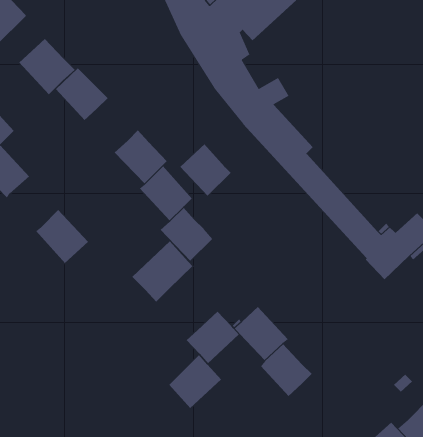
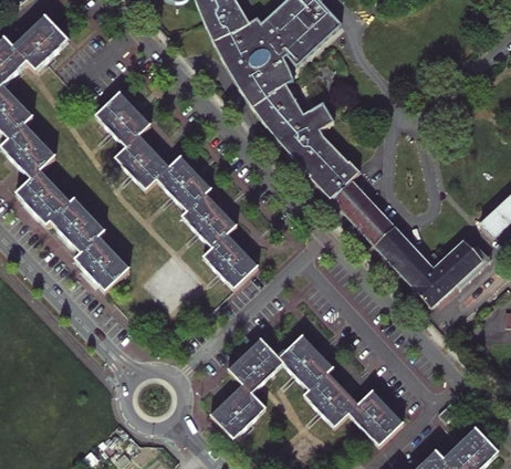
building: [18,38,76,95] -> none
building: none -> [114,134,168,188]
building: [179,144,231,196] -> none
building: none -> [50,199,104,253]
building: [131,241,193,303] -> none
building: none -> [346,389,401,446]

